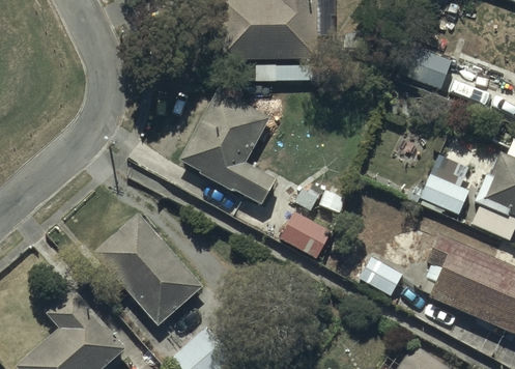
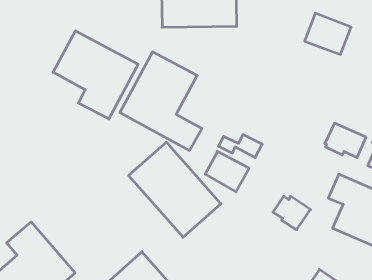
building: none -> [53,31,138,119]
building: [94,215,203,327] -> [129,142,221,237]

